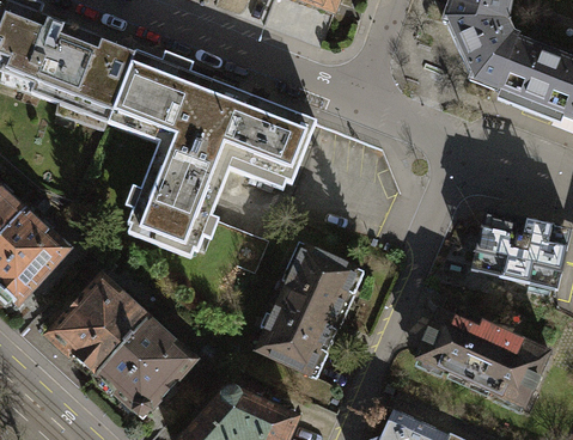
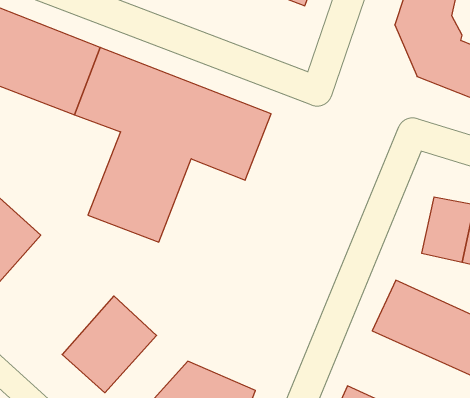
building: [250,239,362,377] -> none
building: [44,274,146,378] -> none

